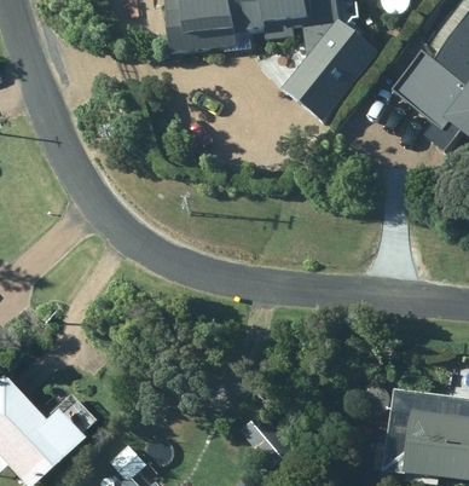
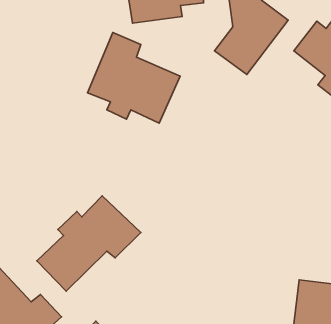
building: none -> [88,32,180,123]
building: none -> [37,196,141,291]

